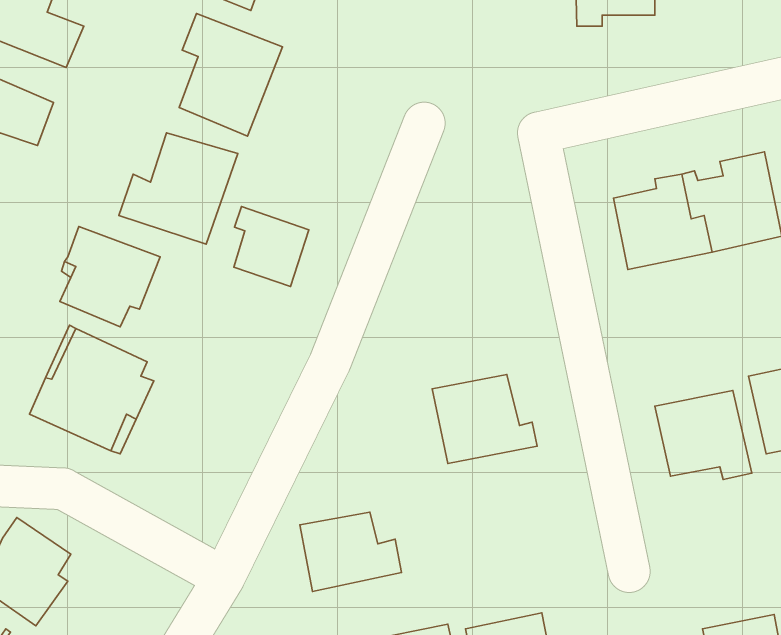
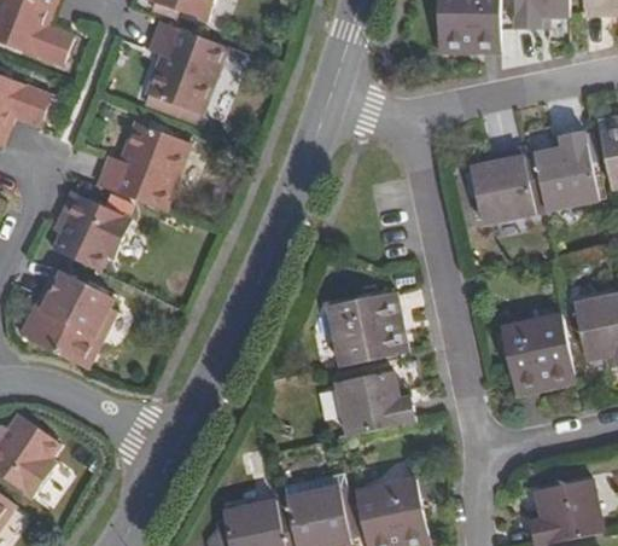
building: [234,206,309,287] -> none
building: [300,512,402,592] -> [339,376,416,436]

